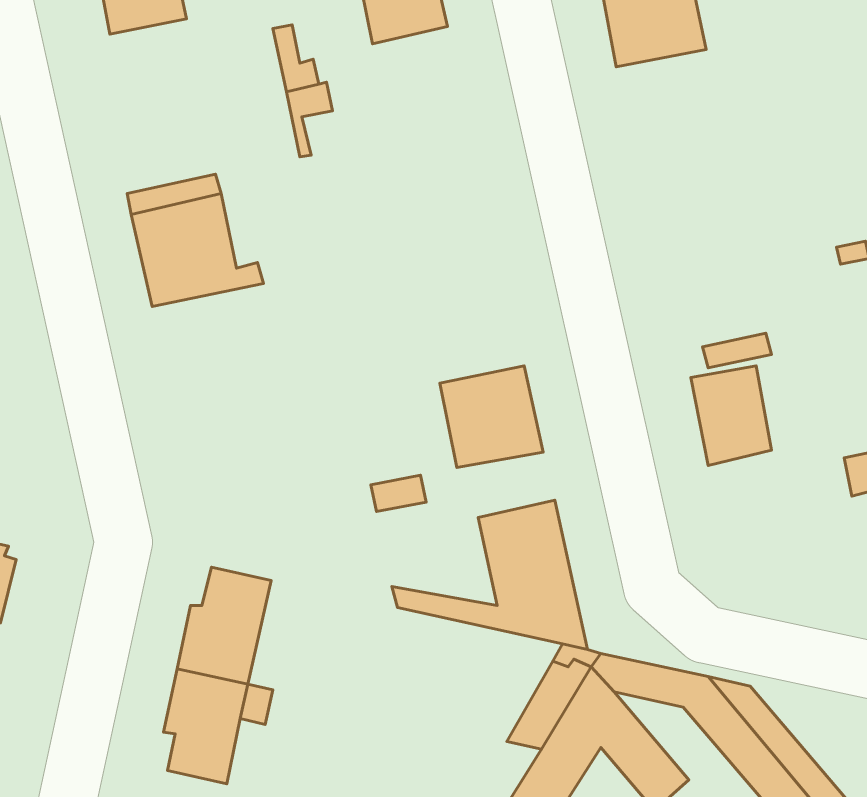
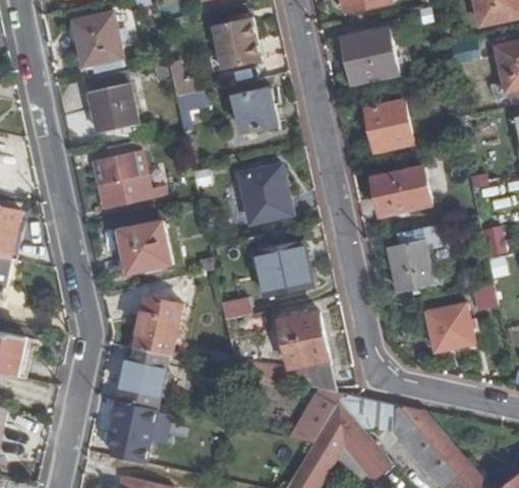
building: none -> [85,70,138,133]
building: none -> [233,88,278,133]
building: none -> [366,101,413,150]
building: none -> [372,166,430,216]
building: none -> [239,167,290,223]
building: none -> [118,221,173,273]
building: none -> [135,297,182,356]
building: none -> [426,305,473,353]

